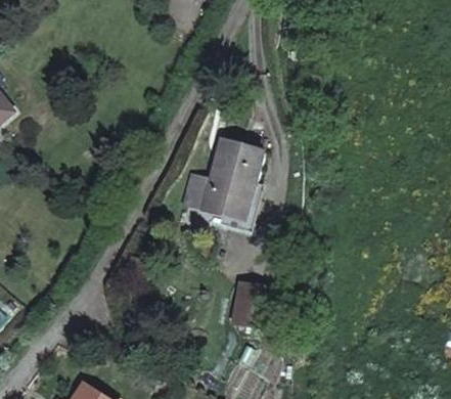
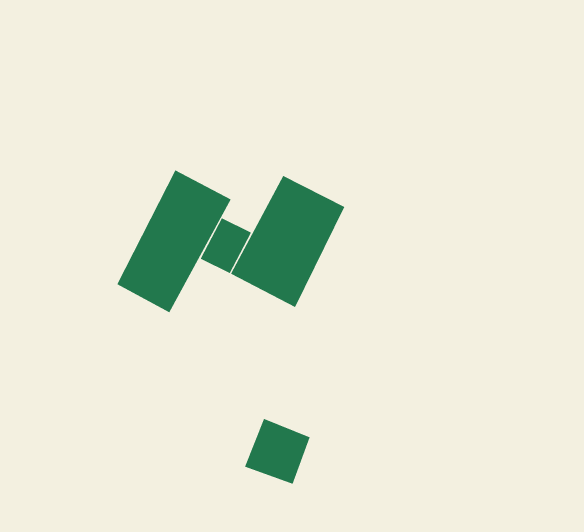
building: none -> [116,170,231,313]

